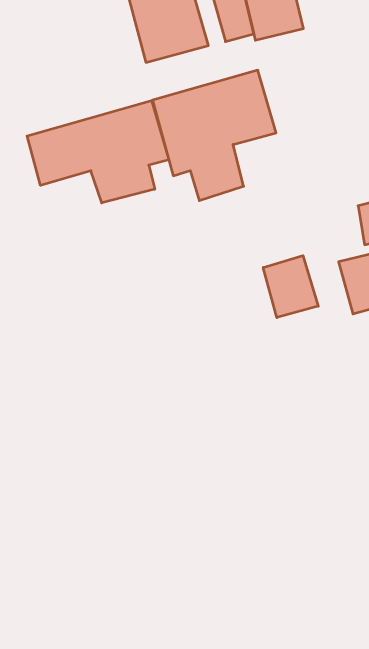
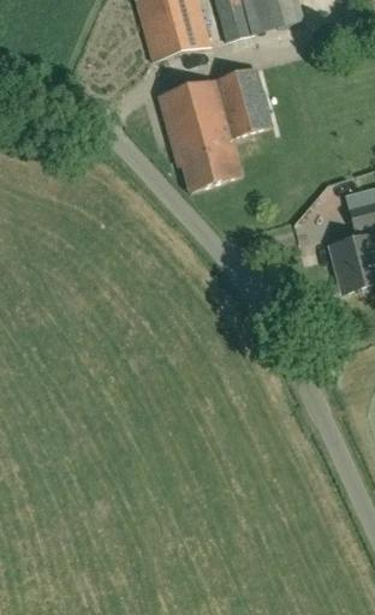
building: [27,101,169,203] -> none
building: [263,256,318,318] -> none

